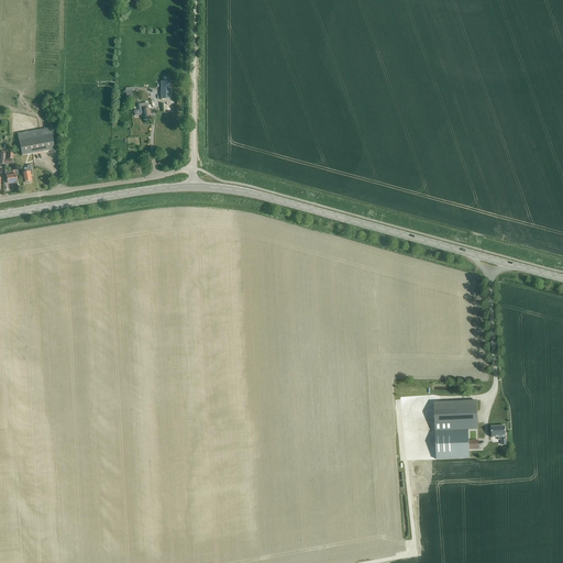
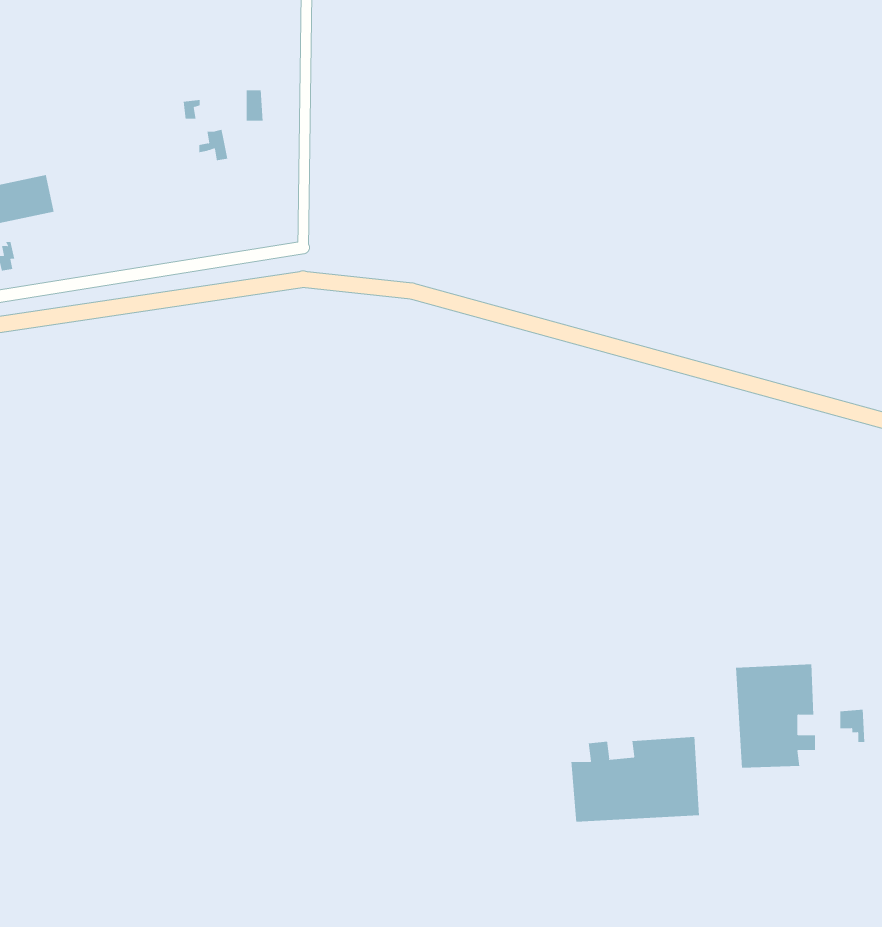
building: none -> [571,736,700,822]

